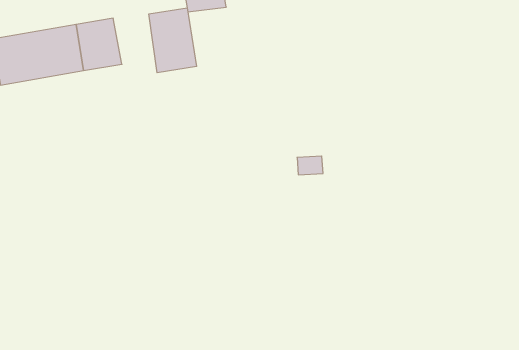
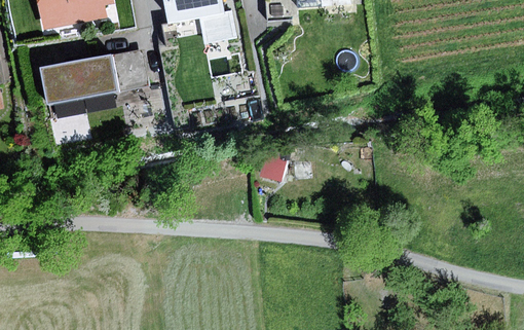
building: [149,8,197,73] -> none

